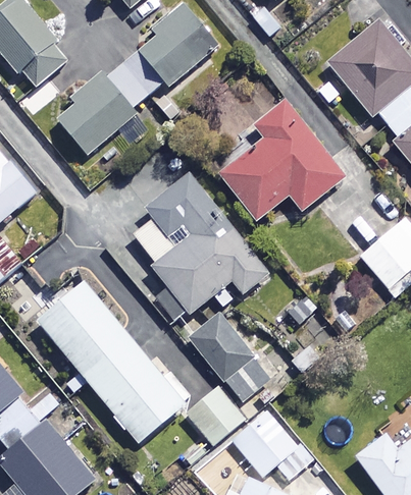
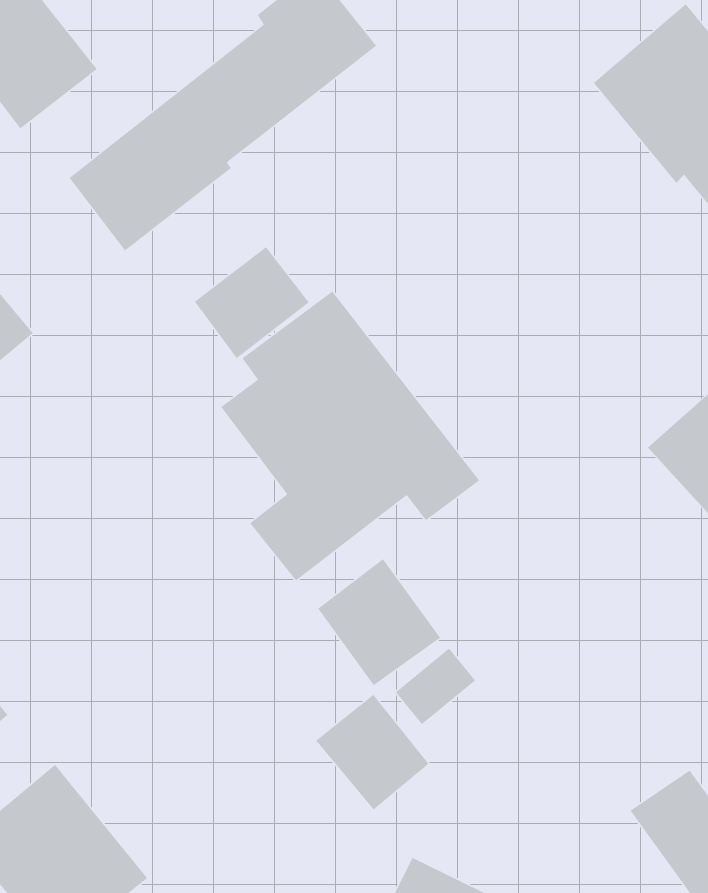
building: [221,102,344,221] -> none
building: none -> [194,246,310,359]
building: [39,282,192,443] -> none
building: [227,405,312,478] -> none

